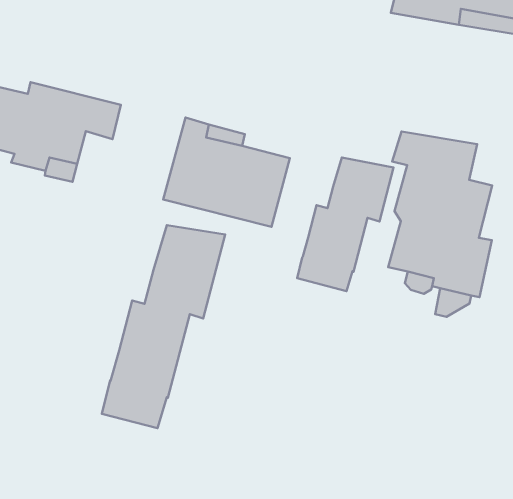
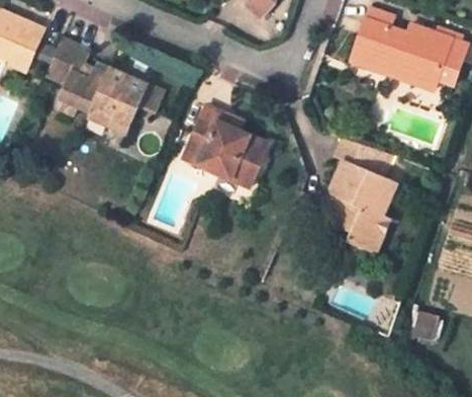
building: [297,158,393,291] -> none
building: [102,225,225,428] -> none

